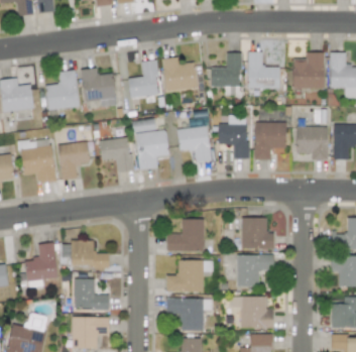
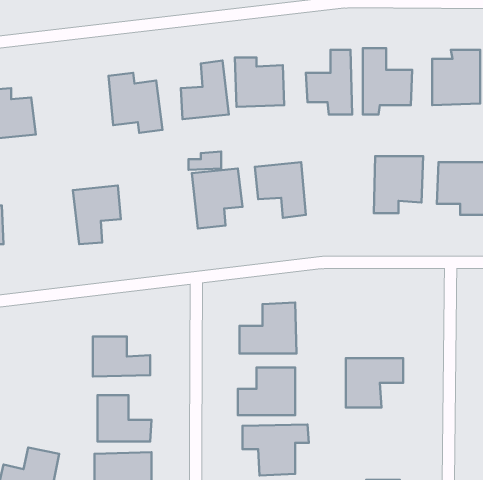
building: [46,71,80,109] -> none
building: [219,115,248,158] -> none
building: [100,137,133,172] -> none
building: [20,138,56,184] -> none
building: [242,217,274,249] -> none
building: [26,242,57,286] -> none
building: [232,297,273,328] -> none

